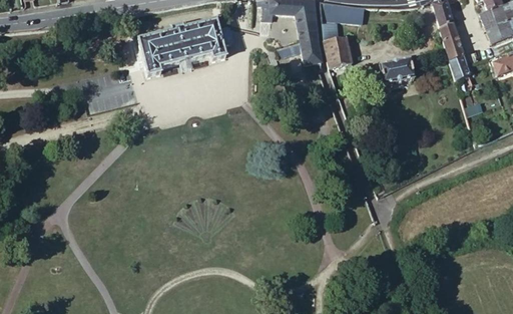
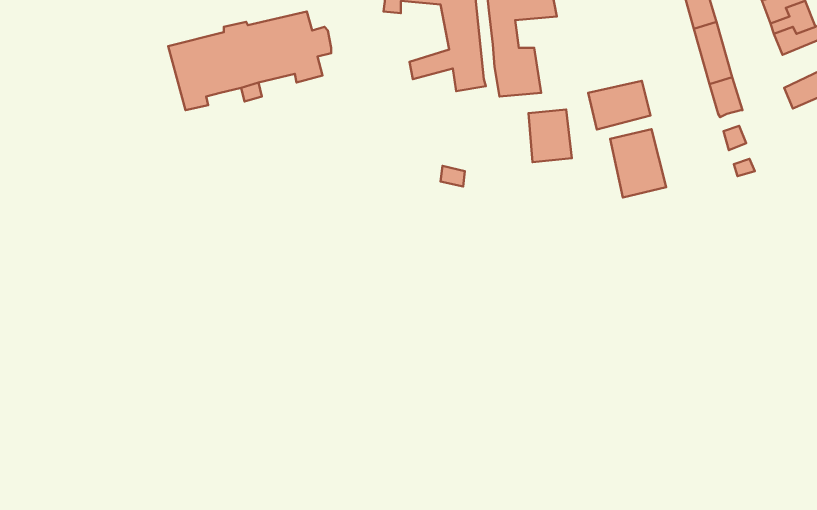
building: none -> [529,110,572,162]
building: none -> [610,129,666,197]

